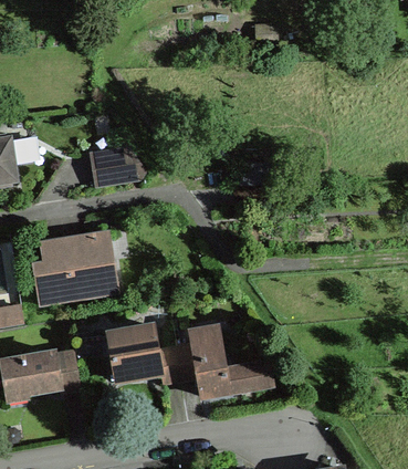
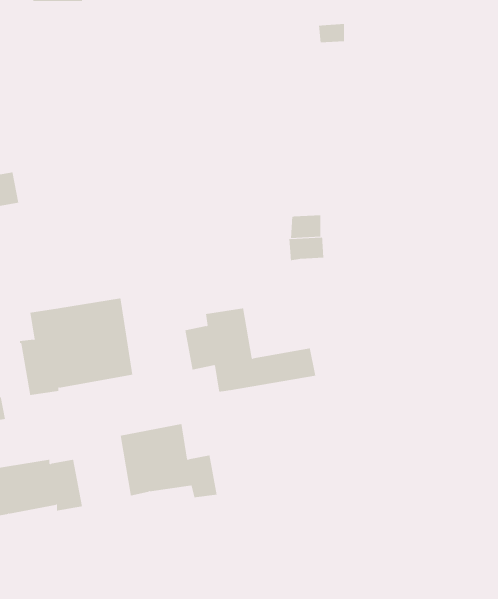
building: [88,147,144,186] -> none
building: [174,332,272,395] -> [185,308,316,392]

